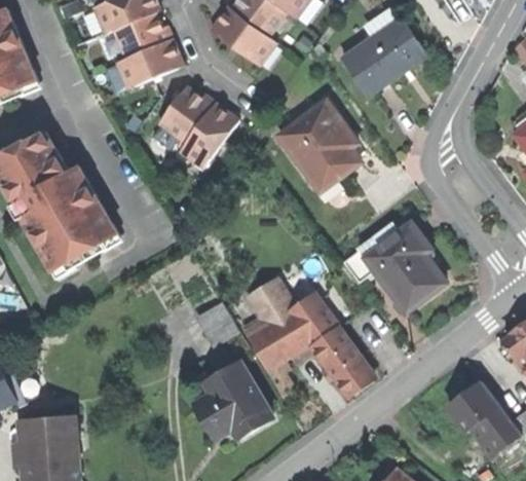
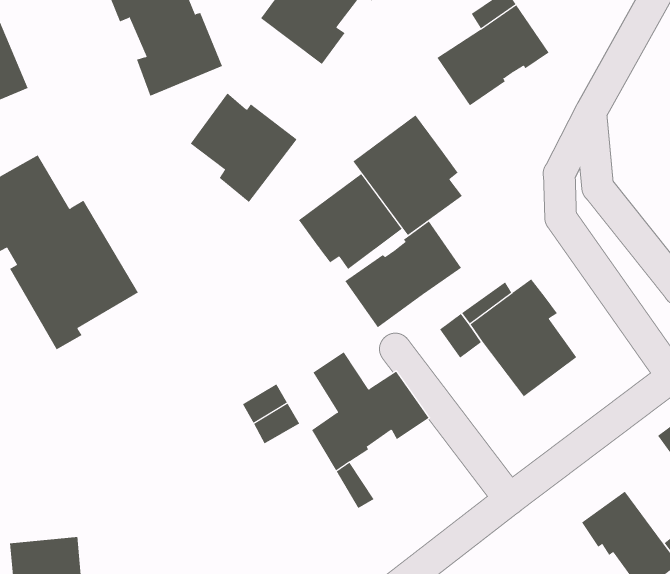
building: none -> [298,173,402,270]
building: none -> [345,221,462,328]
building: [311,328,372,395] -> none
building: [198,362,273,438] -> none

